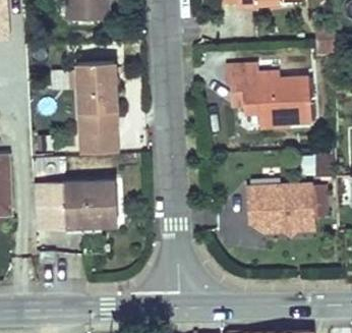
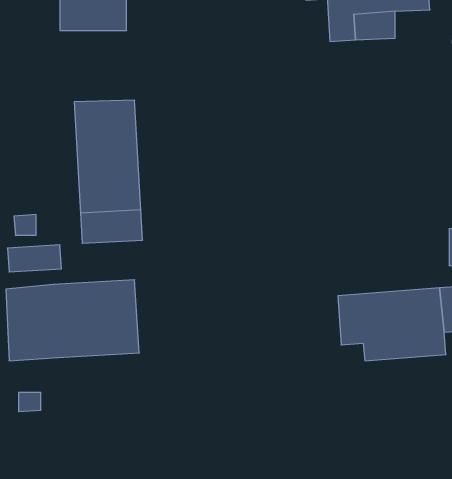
building: [225,67,311,127] -> none

